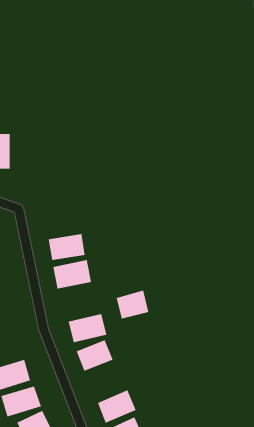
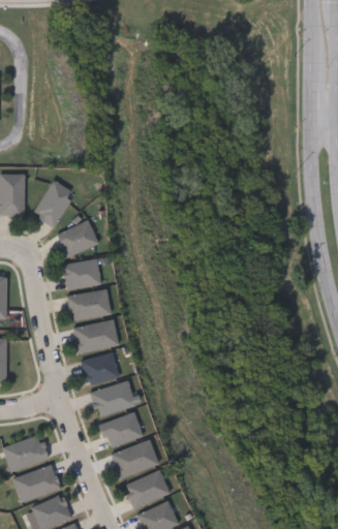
building: none -> [32,179,74,227]
building: none -> [56,219,98,257]
building: none -> [62,258,101,290]
building: [116,290,149,319] -> [81,351,119,385]
building: none -> [111,440,157,477]

